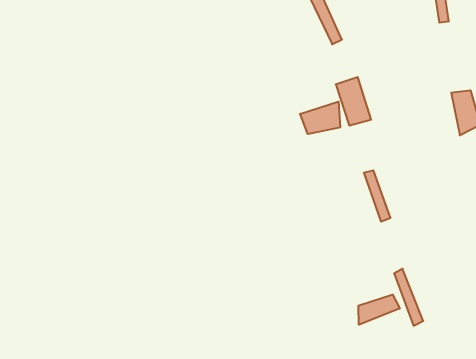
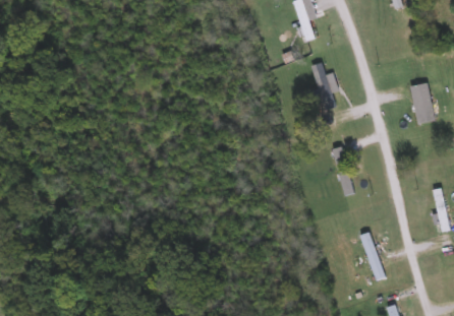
building: [300,102,340,134] -> none
building: [358,295,400,325] -> none

